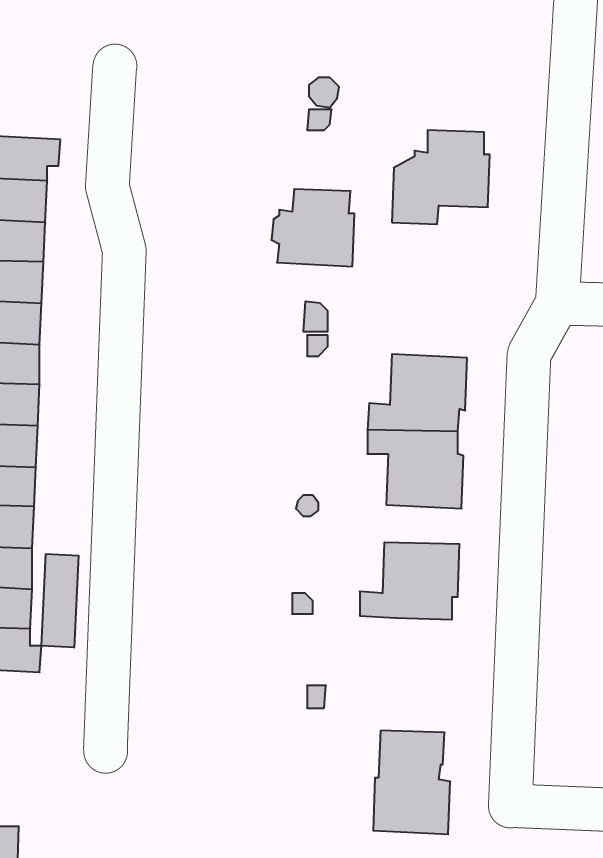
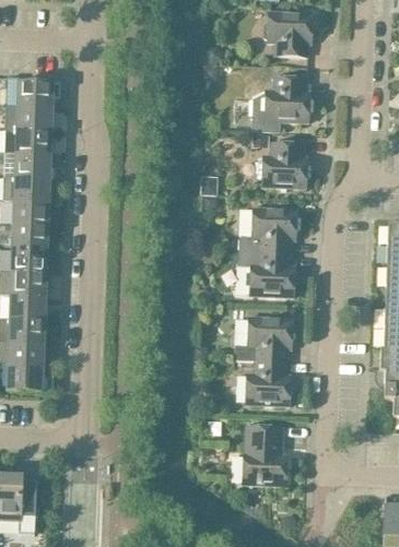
building: none -> [265,10,313,56]
building: [271,189,354,266] -> [259,142,307,187]
building: [42,554,79,648] -> none
building: none -> [246,359,291,404]

